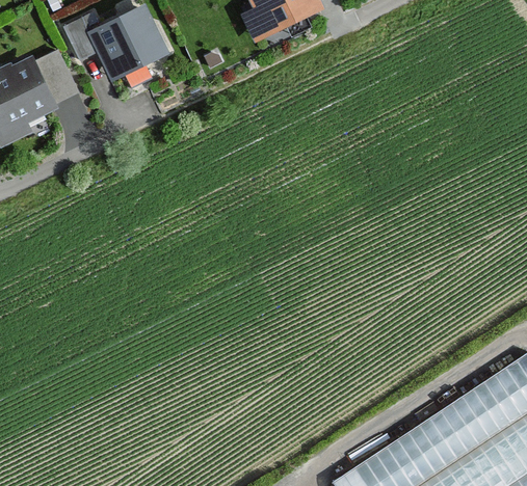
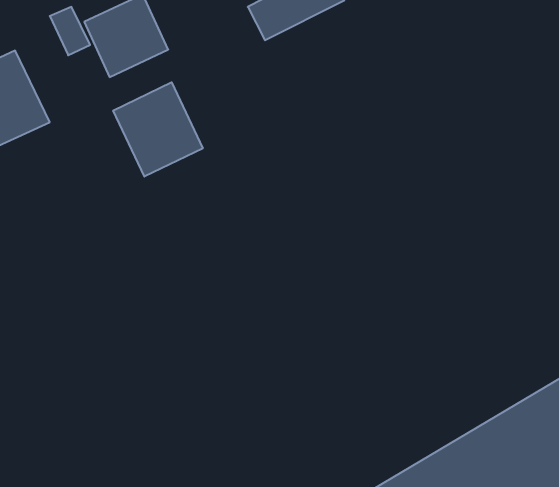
building: [37,52,78,104] -> none
building: none -> [113,82,203,177]

